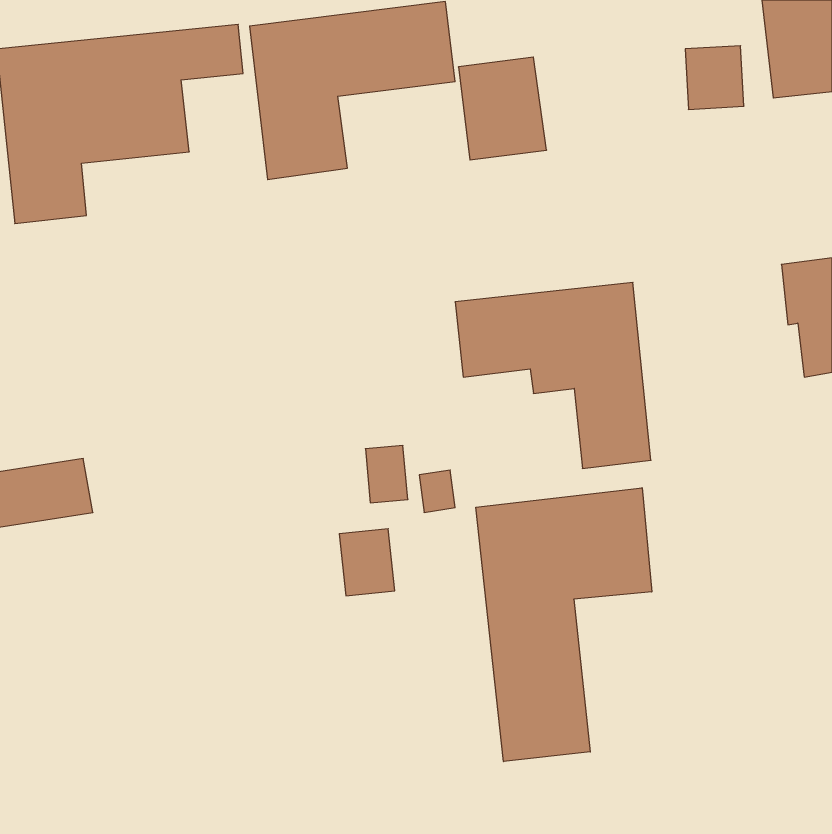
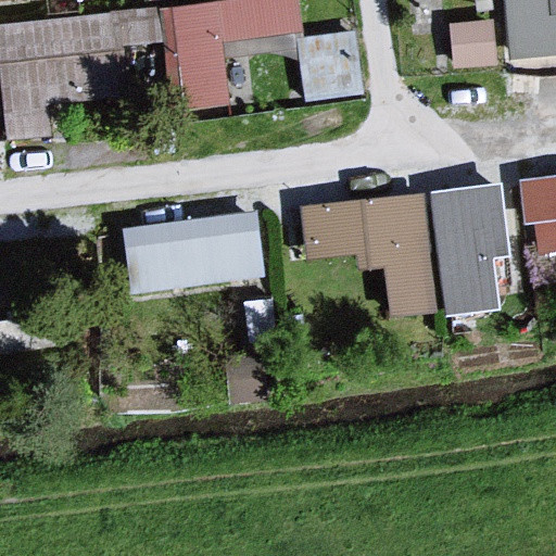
building: none -> [425,174,506,306]
building: none -> [124,208,256,282]
building: [476,488,652,762] -> none

